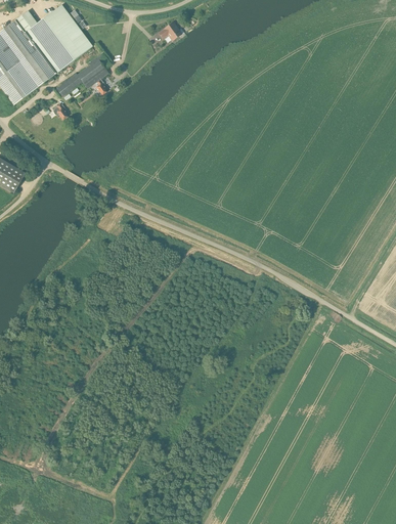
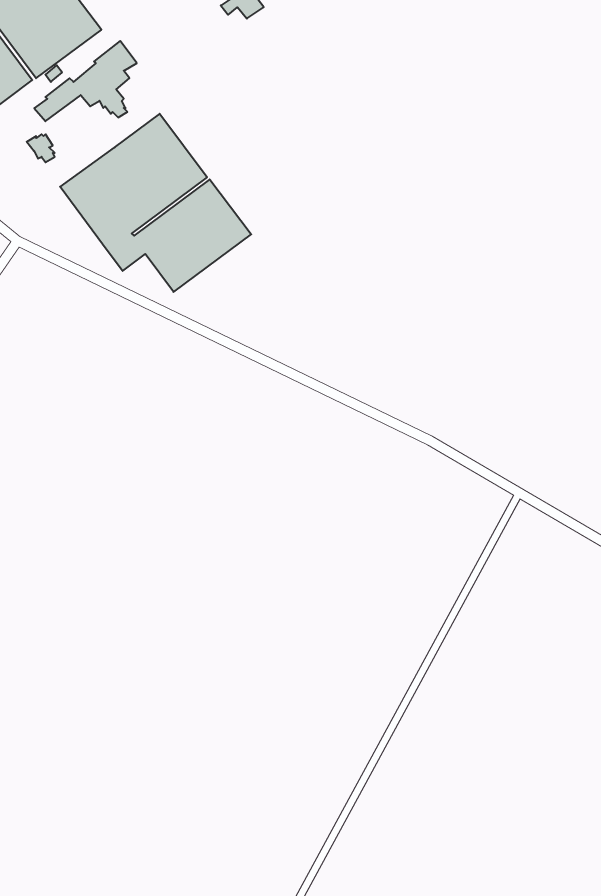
building: none -> [60,114,251,292]

